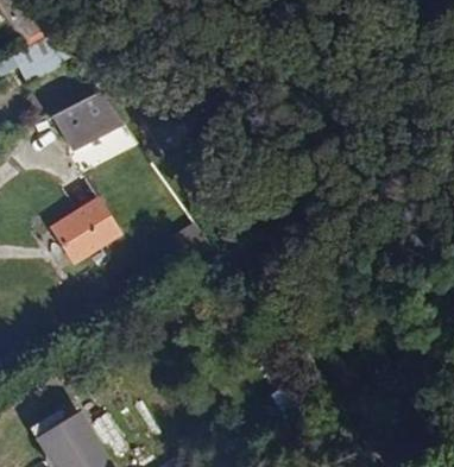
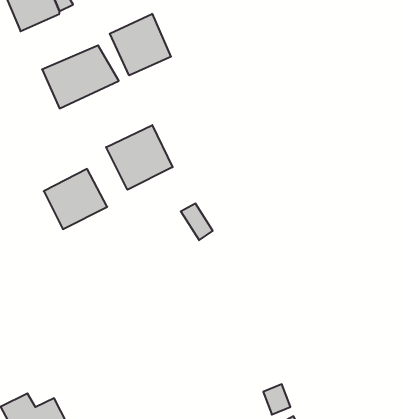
building: none -> [110,14,171,75]
building: none -> [106,125,173,190]

